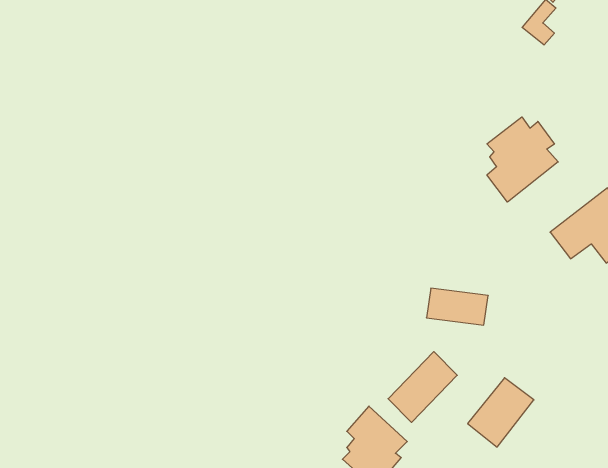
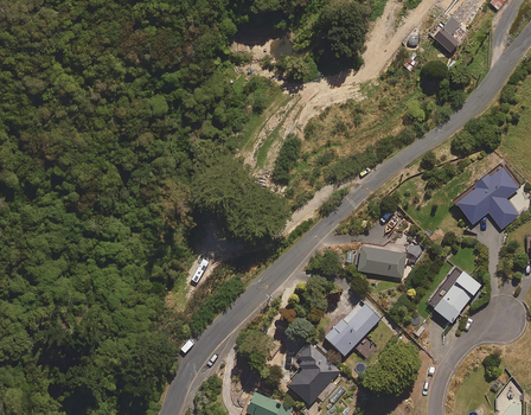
building: [487,117,558,202] -> none
building: [468,378,534,447] -> [427,267,480,323]

